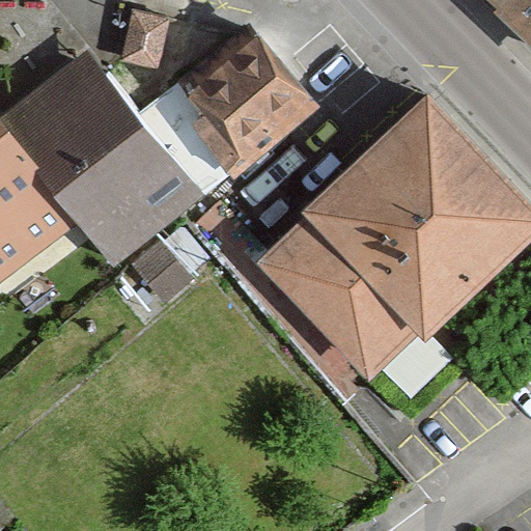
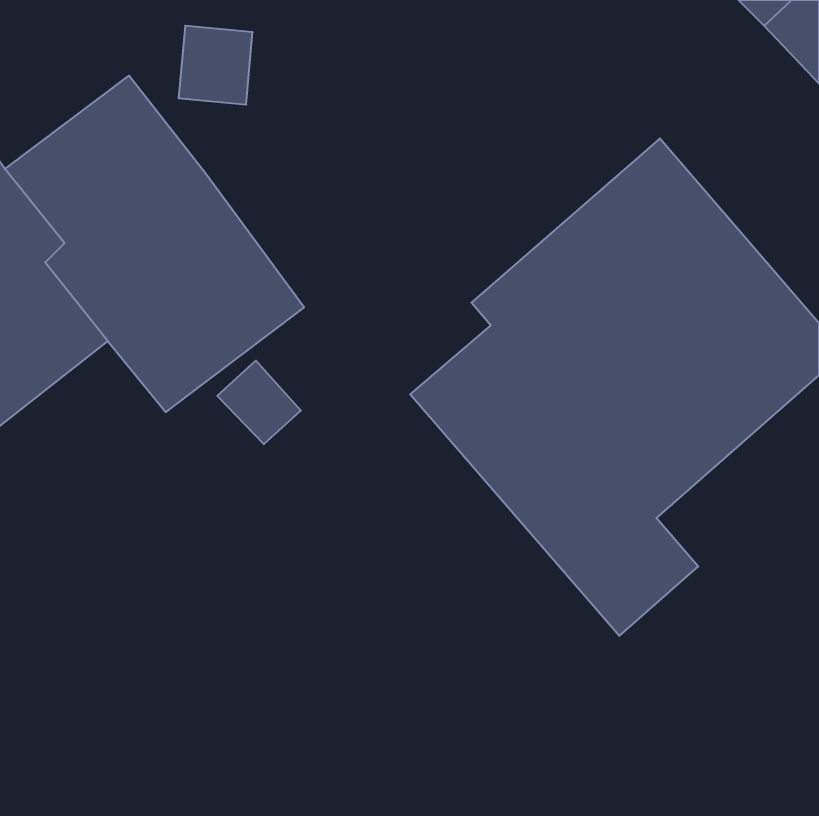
building: [133,25,320,202] -> none

